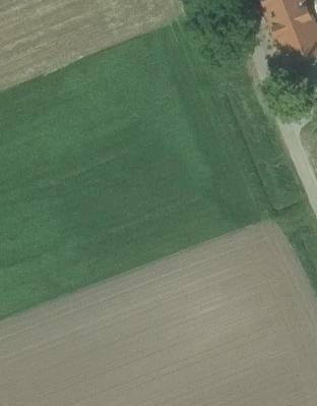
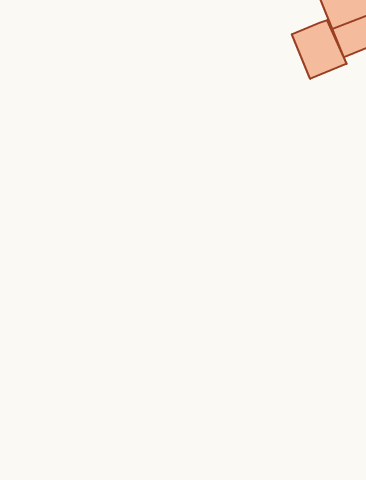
building: none -> [292,20,347,79]

